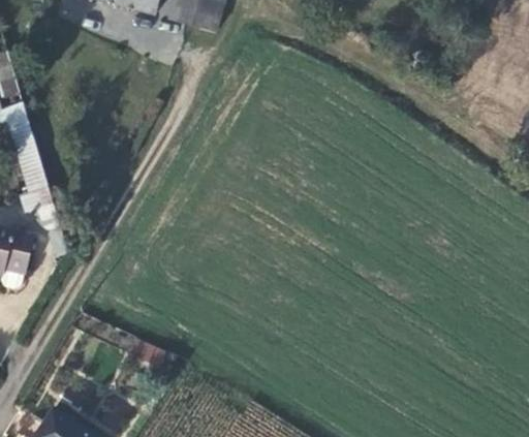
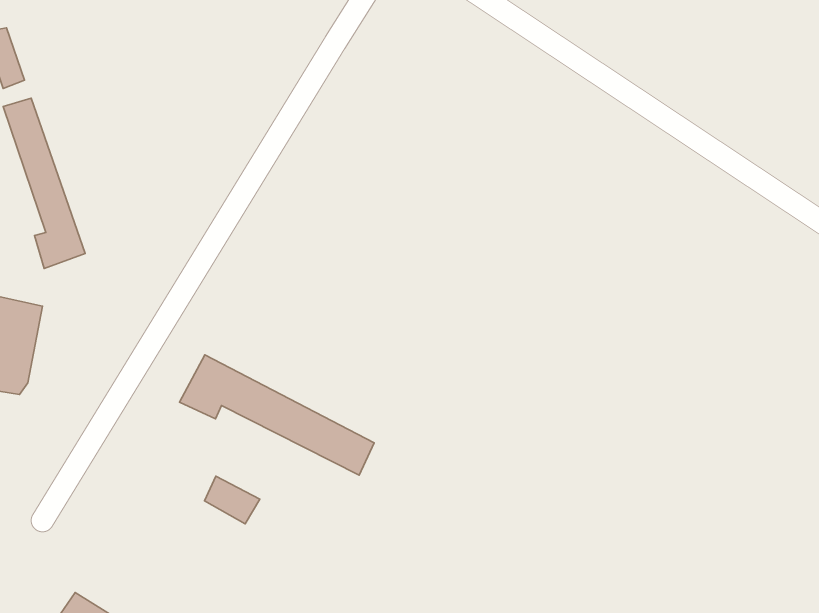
building: none -> [180,355,374,475]

